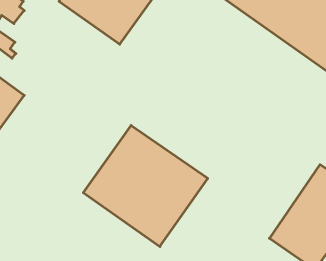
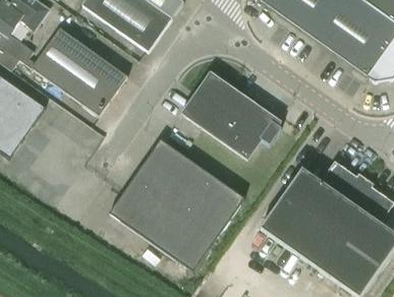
building: none -> [31,26,127,116]
building: none -> [182,74,281,158]
building: none -> [260,161,365,262]

